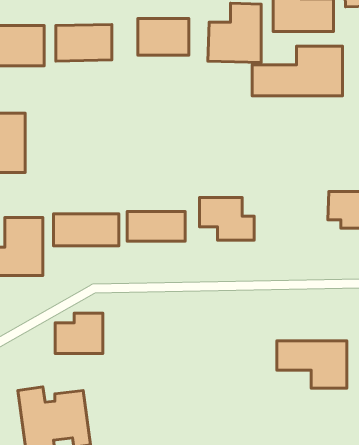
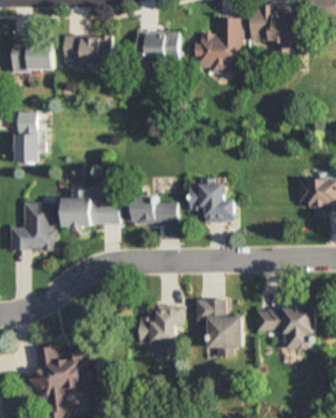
building: [252,46,342,96] -> none
building: [55,313,103,354] -> [138,309,179,344]
building: none -> [194,299,242,355]

